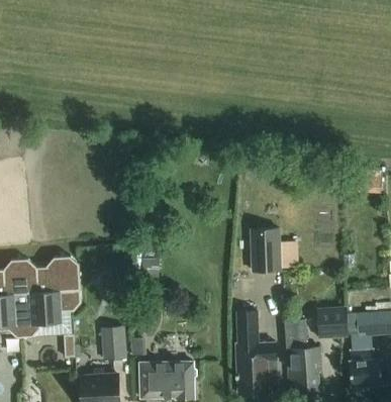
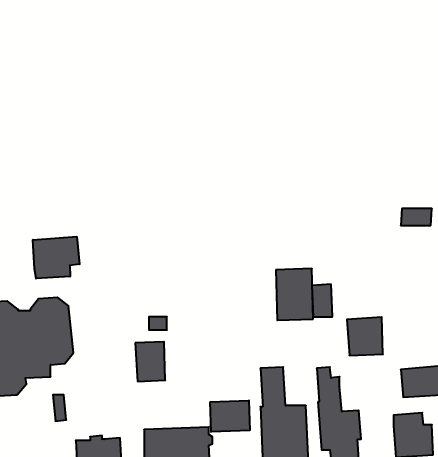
building: none -> [33,237,80,279]
building: [316,306,347,338] -> [347,317,383,355]
building: [100,326,125,360] -> [135,342,165,381]
building: none -> [210,400,250,432]

